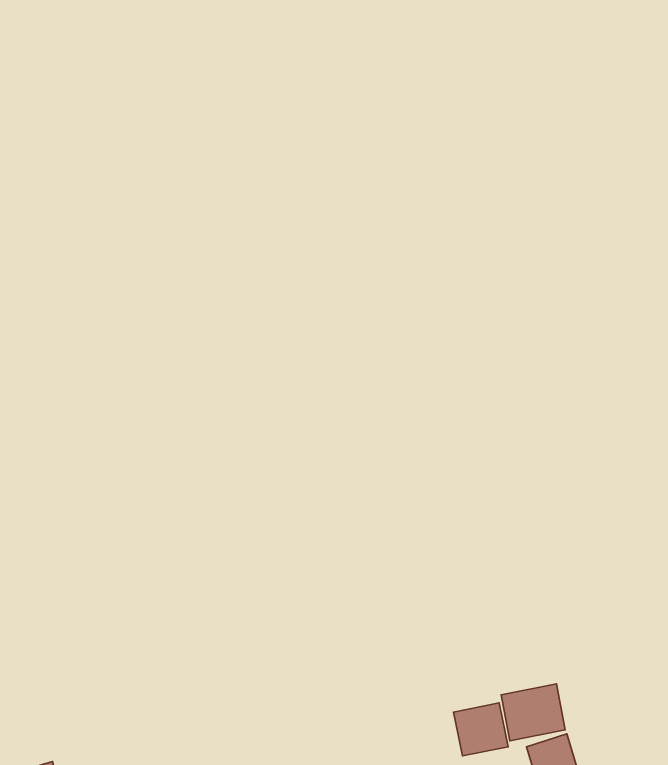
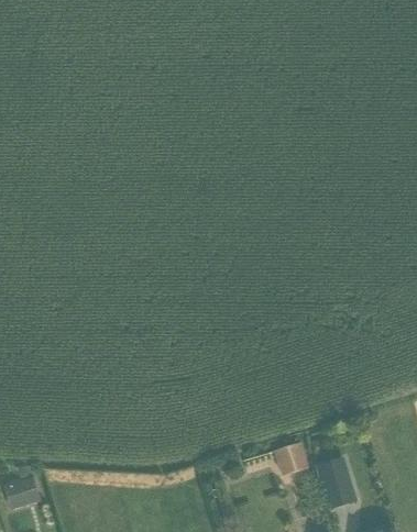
building: [501,684,565,741] -> none

